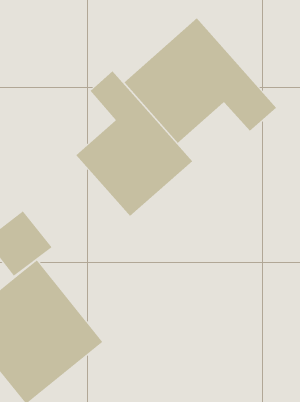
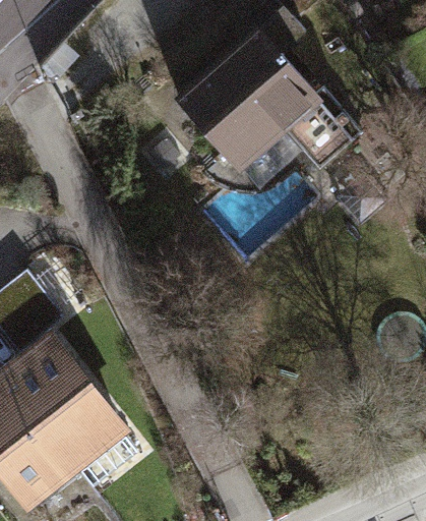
building: [76,70,193,217] -> none

